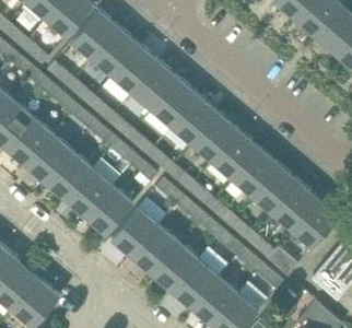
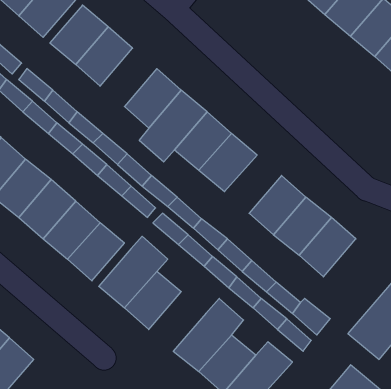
building: [103,46,159,105] -> none
building: [213,132,259,179] -> none
building: [293,200,339,248] -> none
building: [152,243,198,291] -> none

